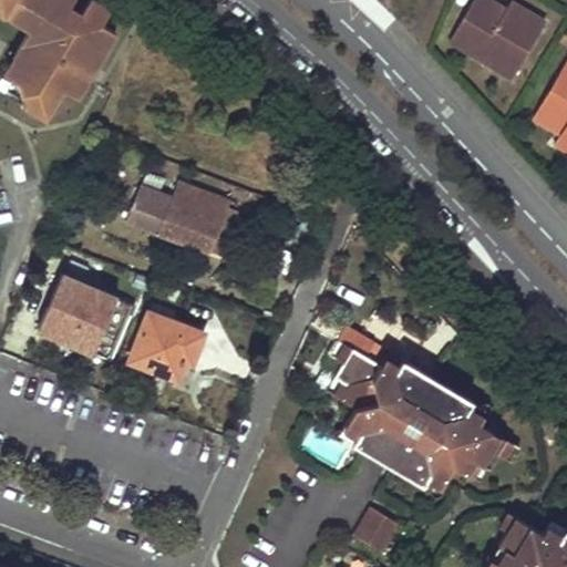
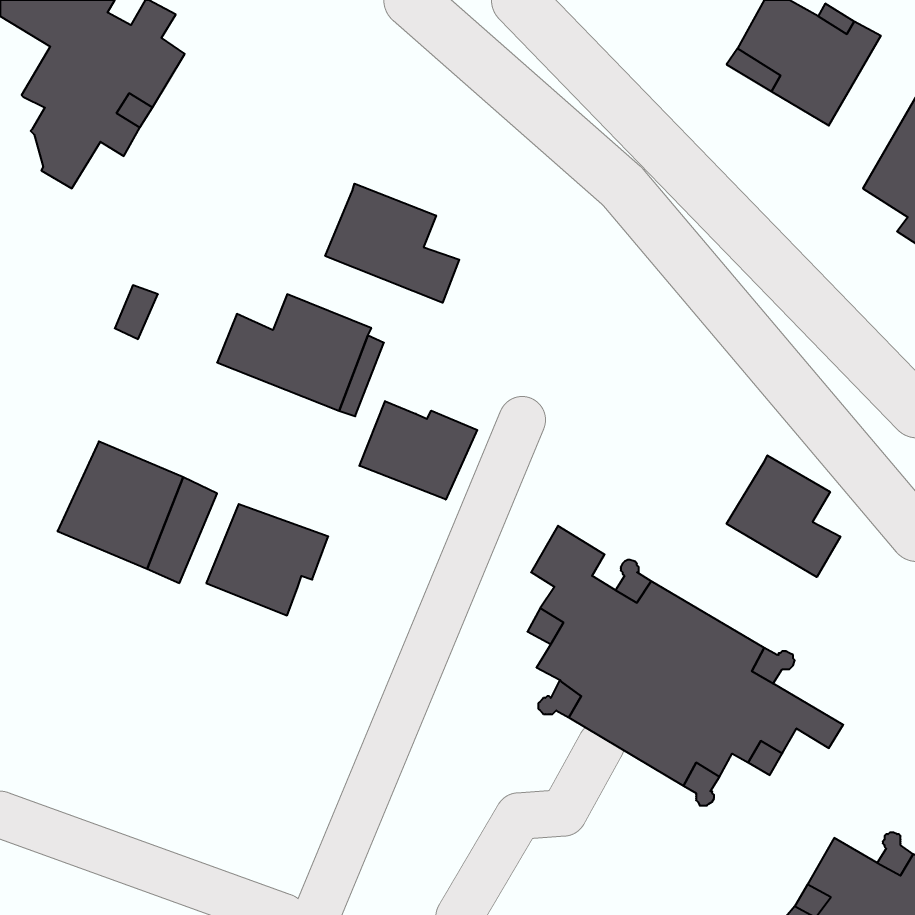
building: none -> [325,184,459,303]
building: none -> [359,401,477,500]
building: none -> [727,455,840,577]
building: [353,507,400,553] -> none

